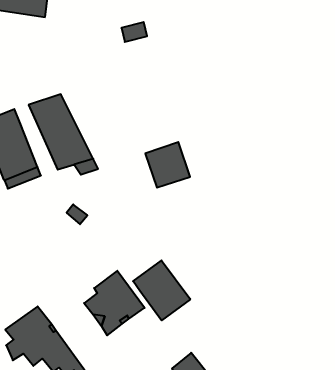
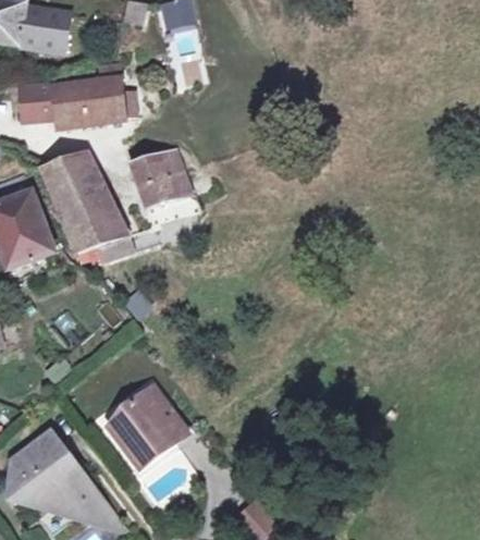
building: none -> [20,63,120,127]
building: [145,142,190,188] -> [127,154,186,213]
building: [133,260,190,320] -> none

